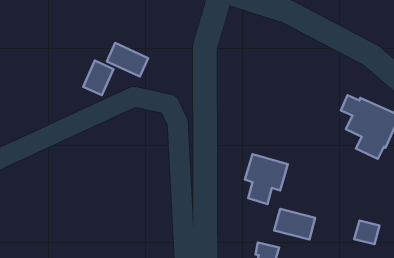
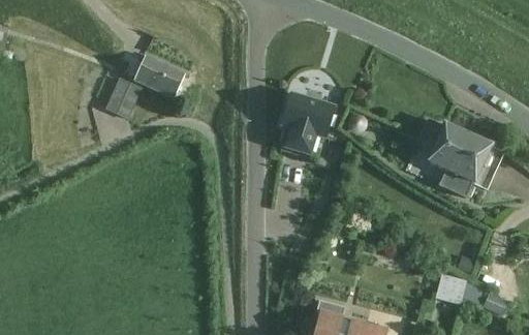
building: [245,154,288,204] -> [280,92,333,153]
building: [274,209,315,240] -> none

